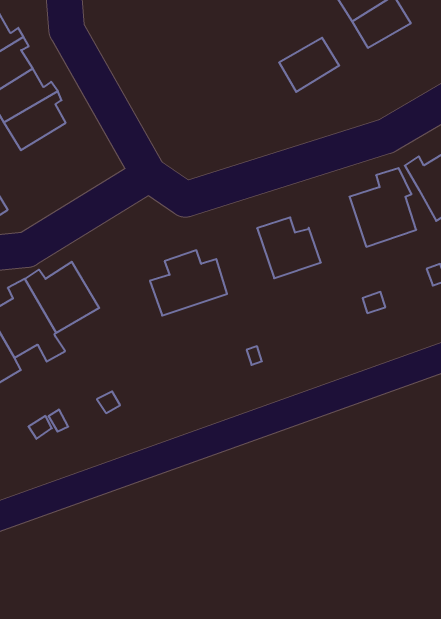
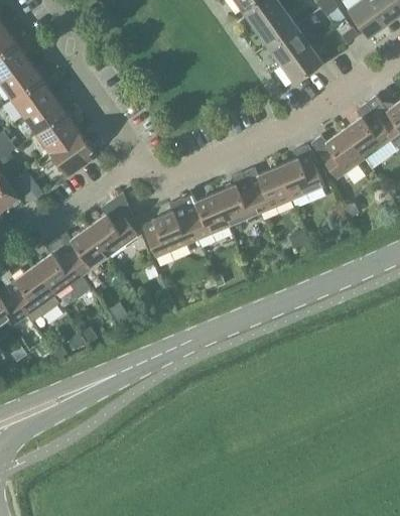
building: [279,38,339,92] -> [281,45,322,84]
building: none -> [49,131,92,177]
building: none -> [242,167,290,214]
building: none -> [90,192,139,256]
building: none -> [181,194,229,240]

